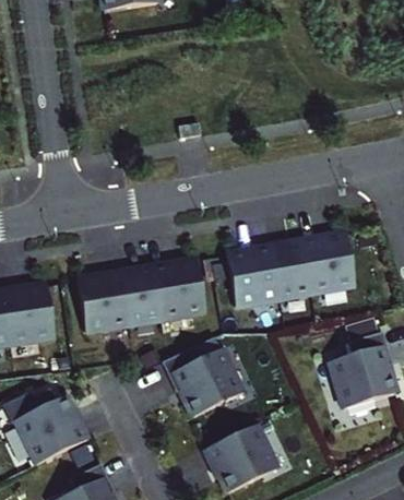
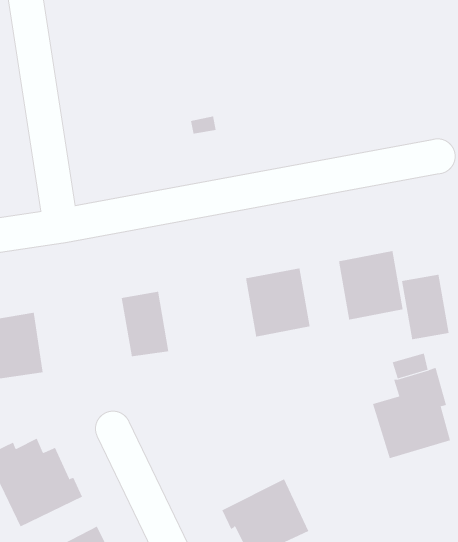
building: [271,243,311,298] -> [401,274,450,340]
building: [153,261,207,319] -> none
building: [75,274,130,332] -> none
building: [163,349,240,415] -> none

